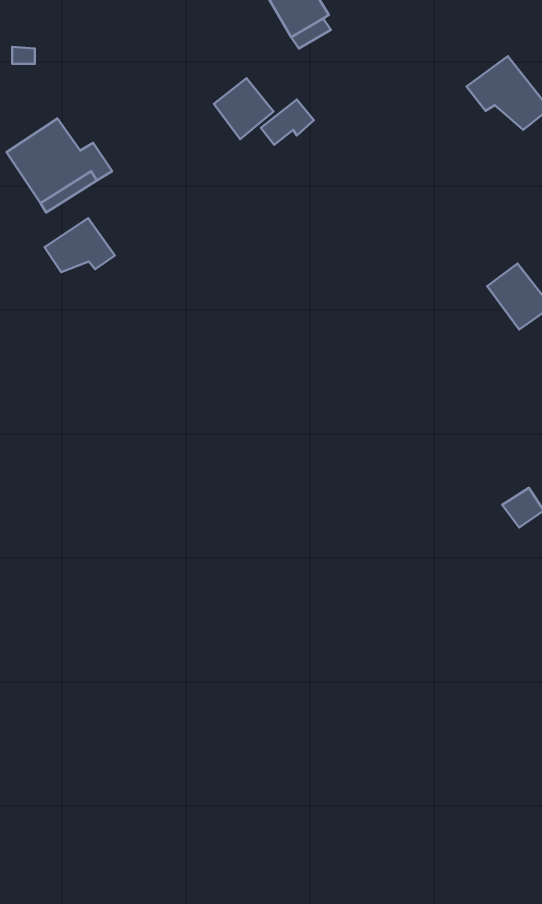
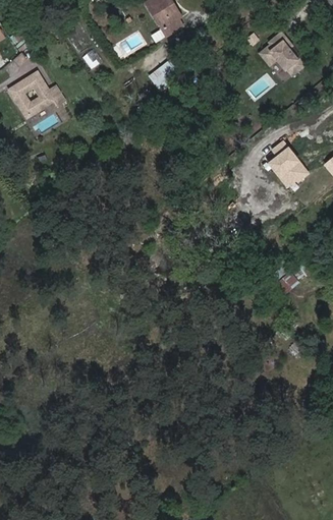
building: [214,78,273,139] -> none
building: [45,218,115,272] -> none

